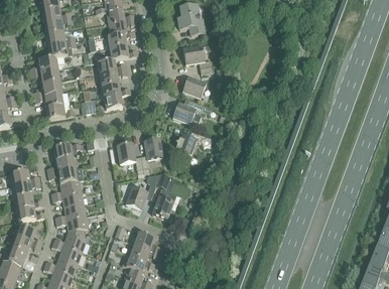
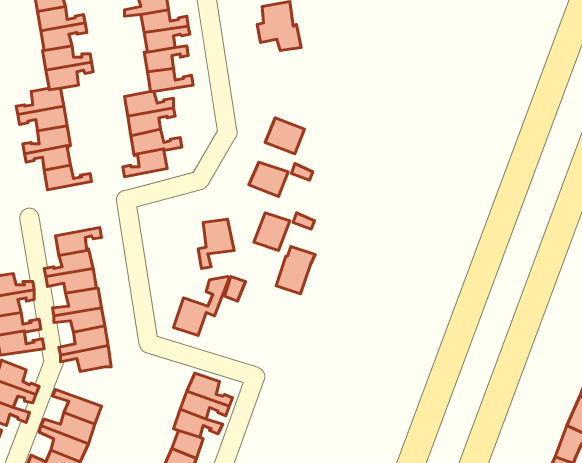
building: [182,45,212,67] -> none
building: [117,142,143,169] -> none
building: [152,189,176,219] -> [276,246,315,294]
building: [53,229,86,253] -> none

